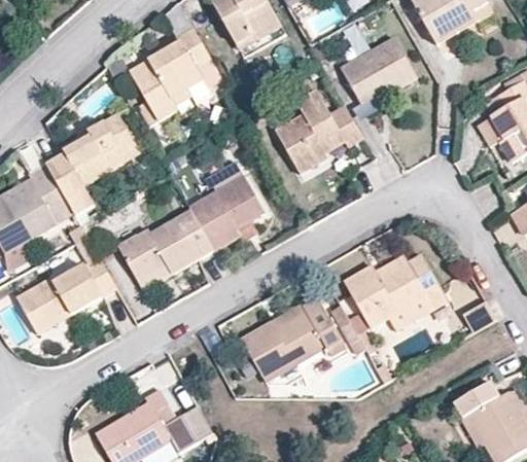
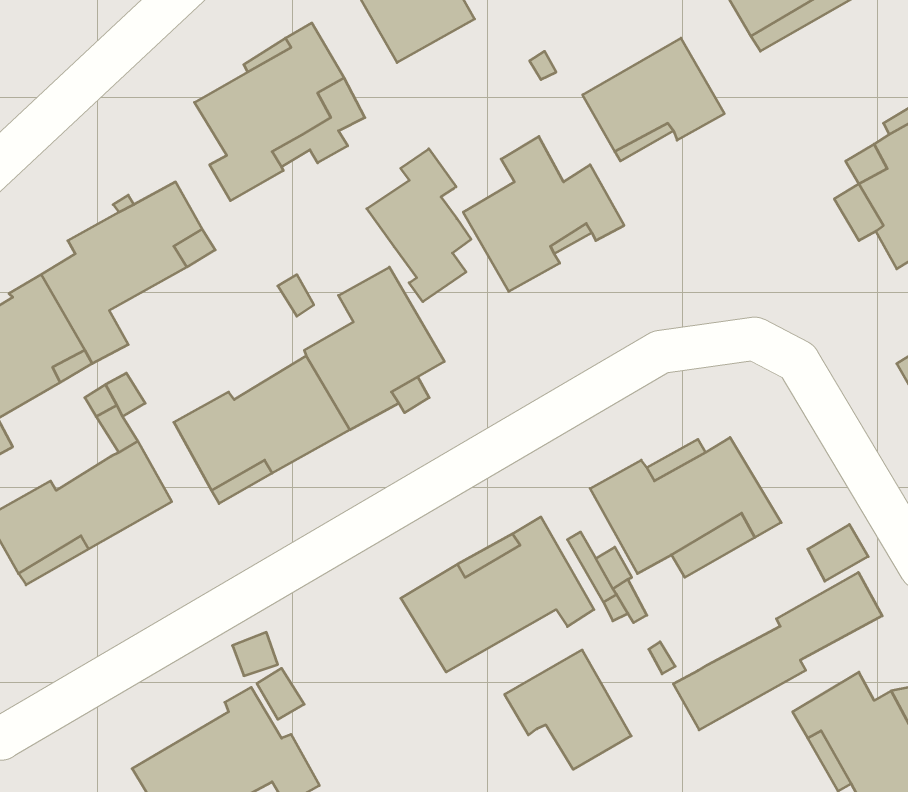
building: none -> [367,149,471,302]
building: none -> [673,572,882,730]
building: none -> [505,650,631,769]

